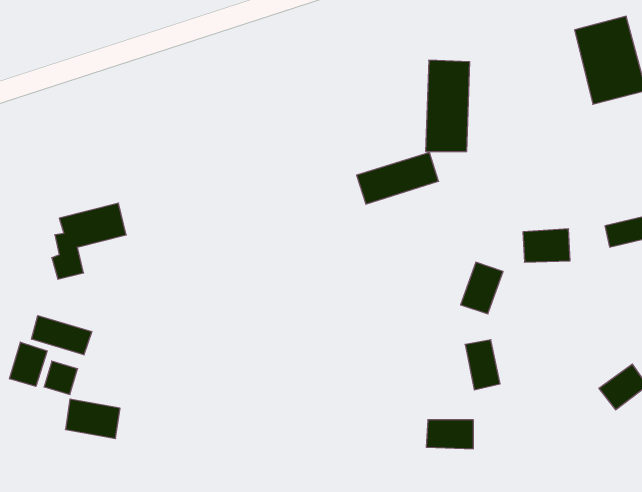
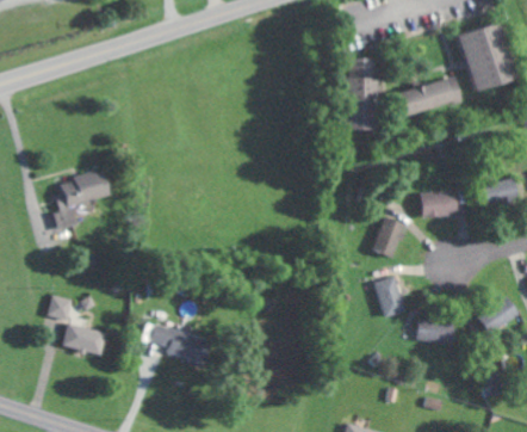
building: [357,152,439,204] -> [395,76,459,117]
building: [32,316,92,355] -> none
building: [10,342,47,386] -> none
building: none -> [147,322,209,362]
building: [426,420,473,449] -> [416,320,453,342]

